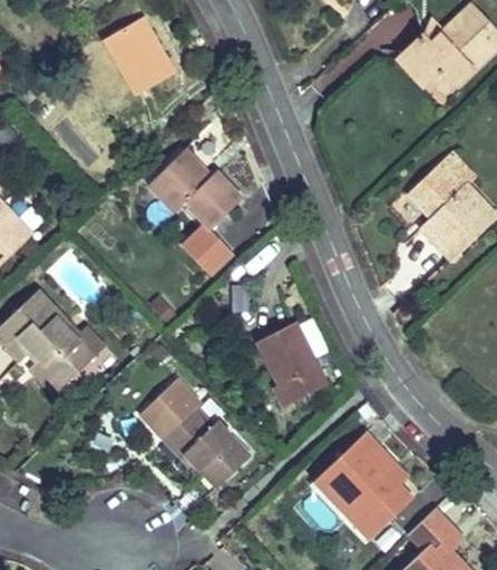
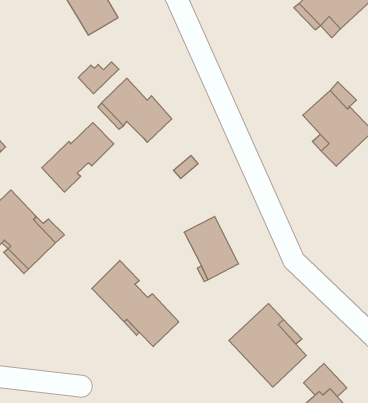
building: none -> [78,62,119,94]
building: none -> [42,123,114,192]
building: [183,224,233,275] -> none

